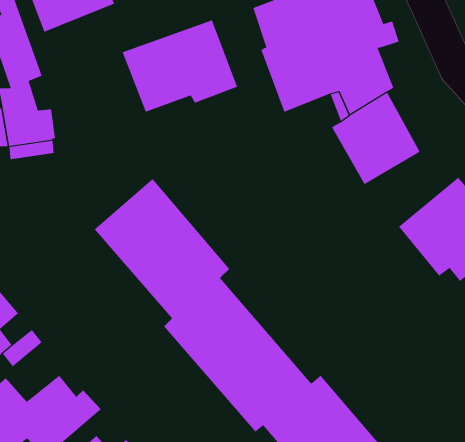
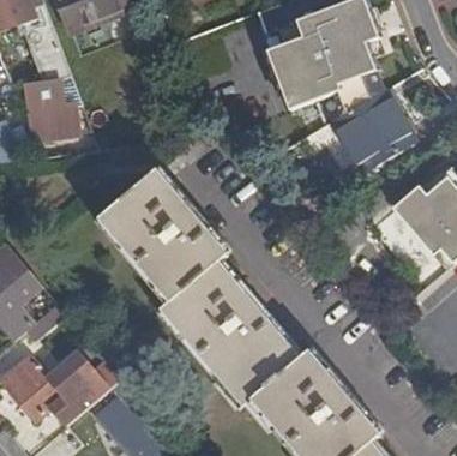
building: [122,19,238,112] -> none

